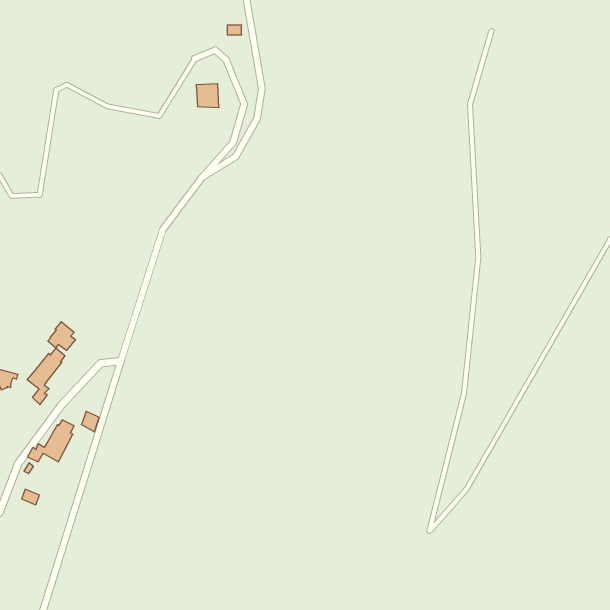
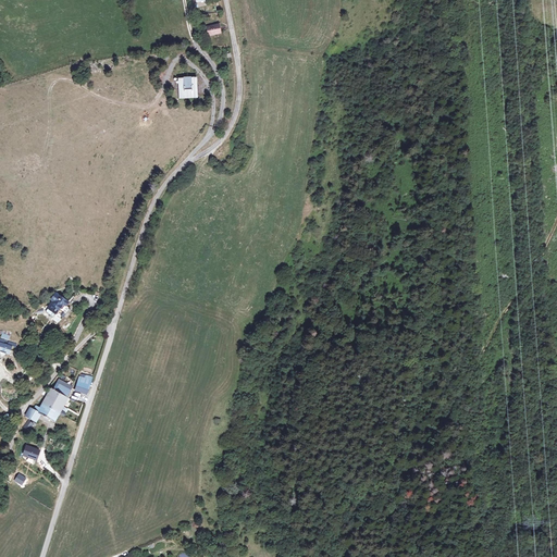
building: [27,348,65,405] -> none

